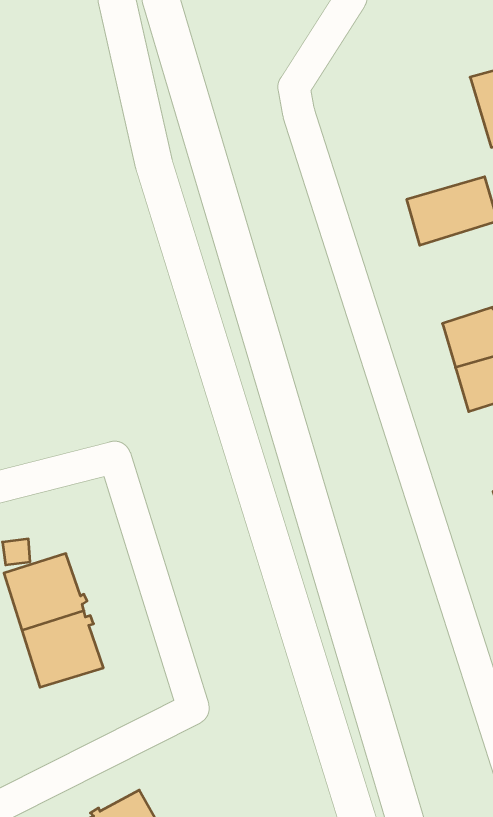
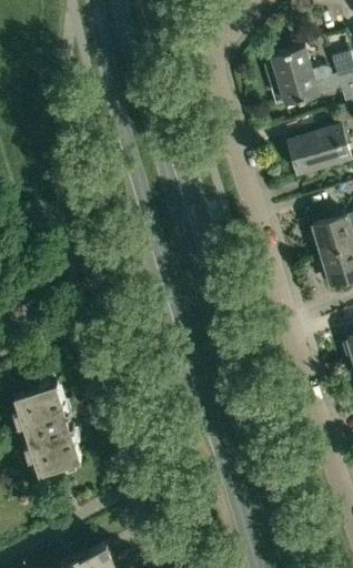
building: none -> [264,45,332,105]

